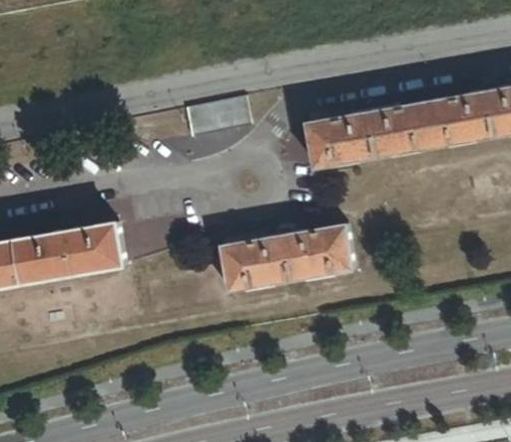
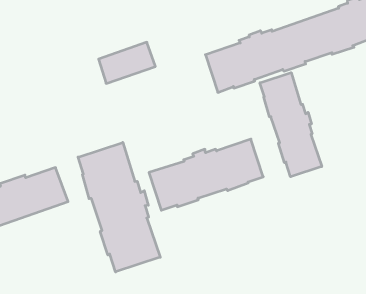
building: none -> [260,73,322,177]
building: none -> [78,142,160,272]

